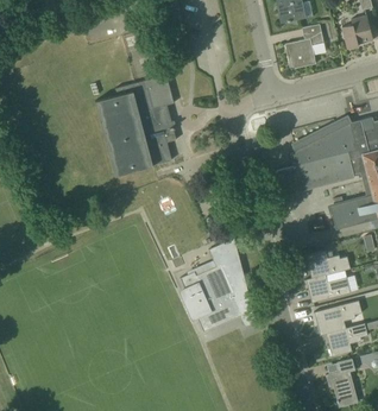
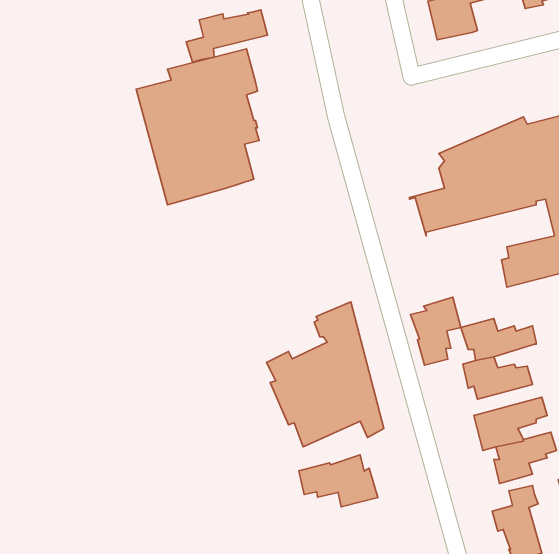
building: none -> [186,10,268,62]
building: none -> [410,297,461,365]
building: none -> [299,455,378,507]

